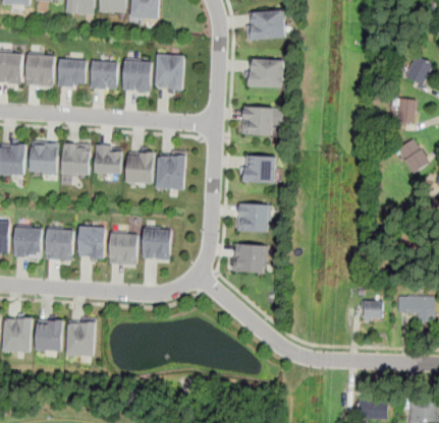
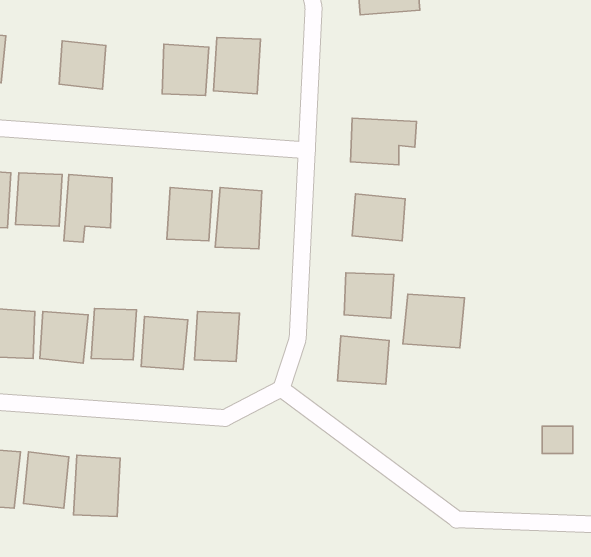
building: [25,55,54,86] -> none
building: [248,60,284,89] -> none
building: [90,61,118,92] -> none
building: [95,144,122,175] -> none
building: none -> [403,294,465,348]

